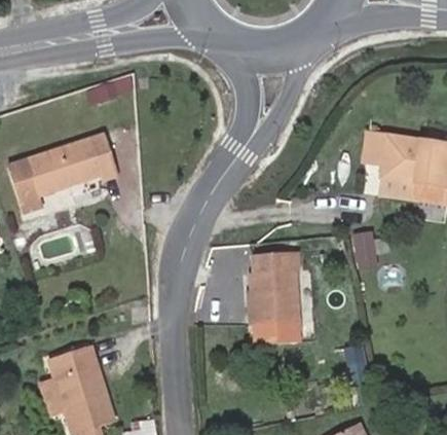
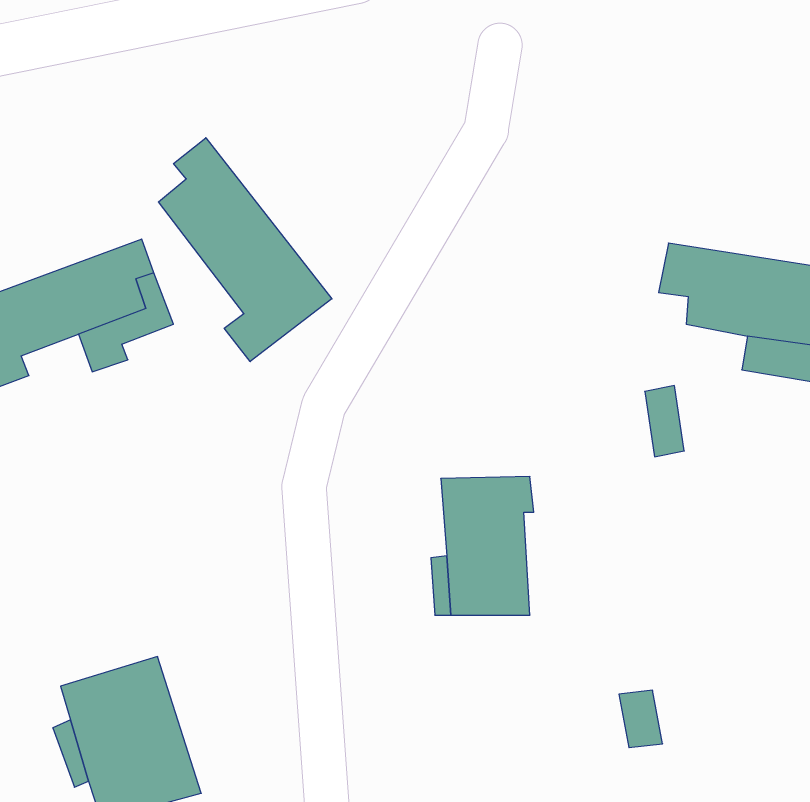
building: none -> [158,138,332,362]

